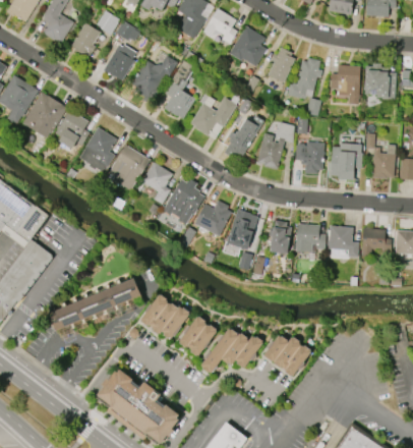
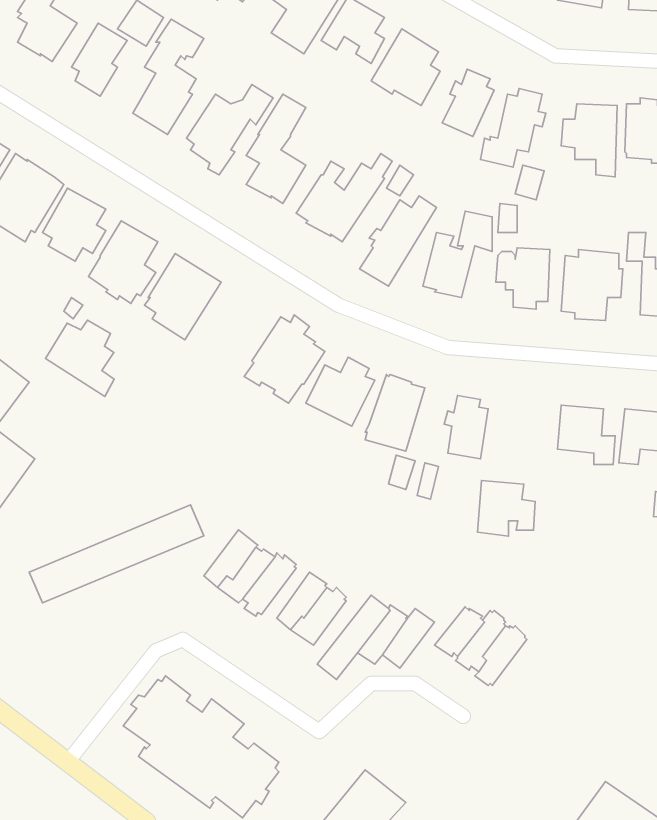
building: [141,163,172,205] -> none
building: none -> [45,320,114,397]
building: [295,224,326,254] -> [478,480,535,536]

